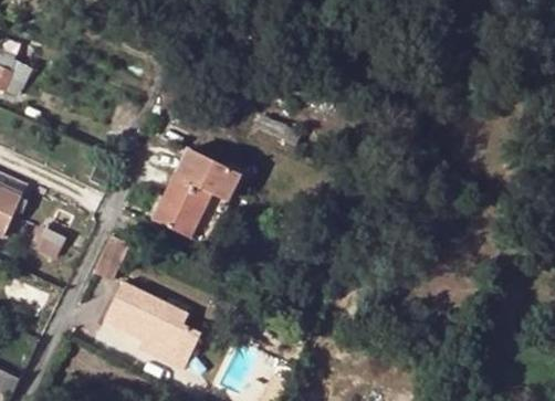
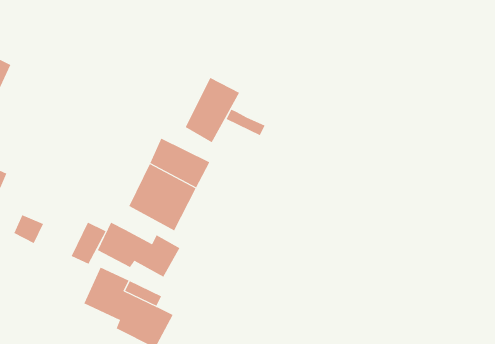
building: none -> [185,77,240,143]
building: none -> [97,222,180,277]

